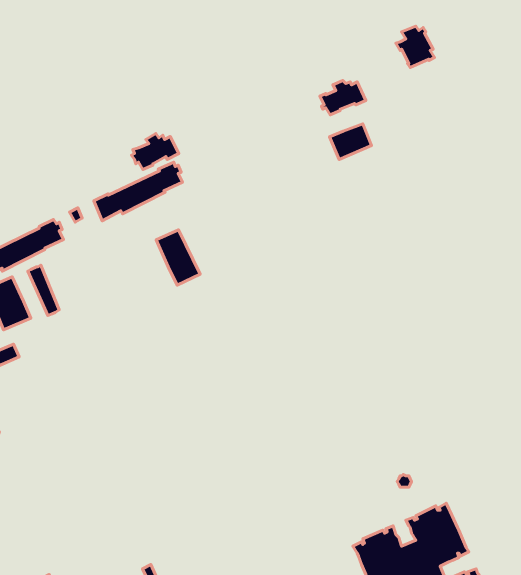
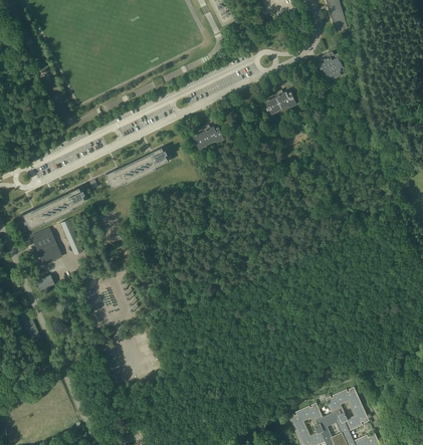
building: [330,124,372,159] -> none
building: [131,134,179,169] -> [192,125,225,150]
building: [156,230,200,285] -> none

